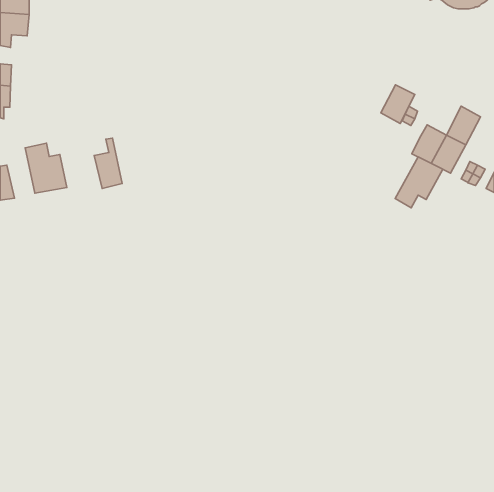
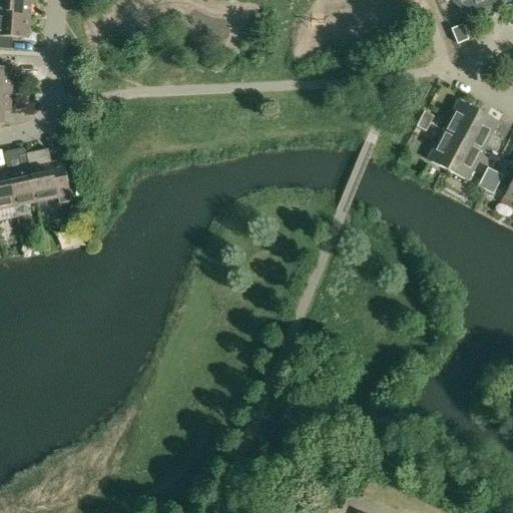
building: [381,85,415,124] -> [443,100,478,140]
building: [94,138,122,188] -> [7,153,36,205]
building: [395,157,443,208] -> none

